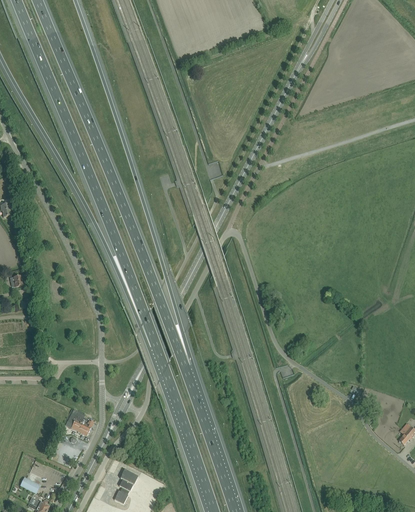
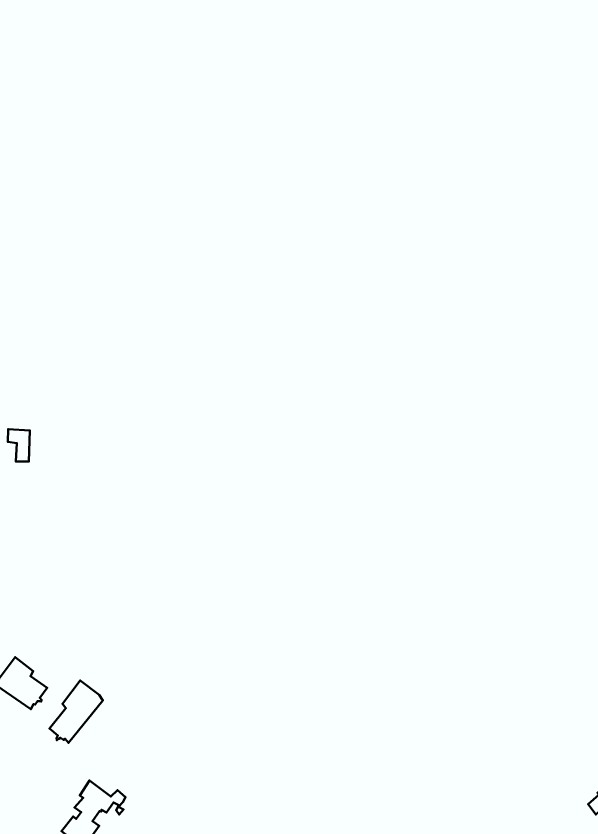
building: none -> [50,681,103,743]

